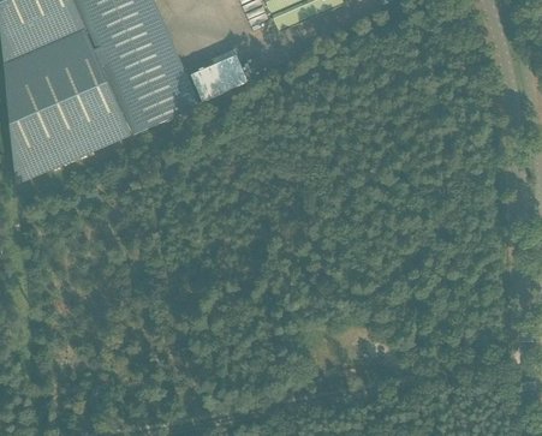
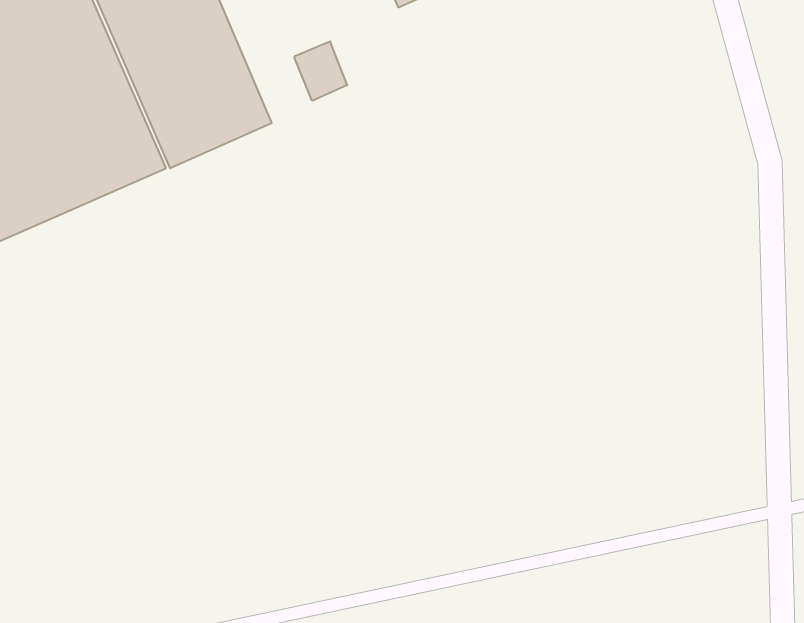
building: [190,65,225,101] -> none

